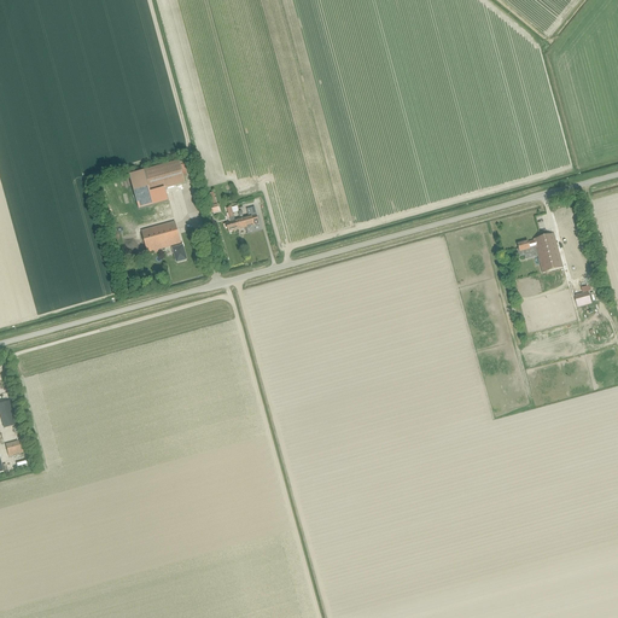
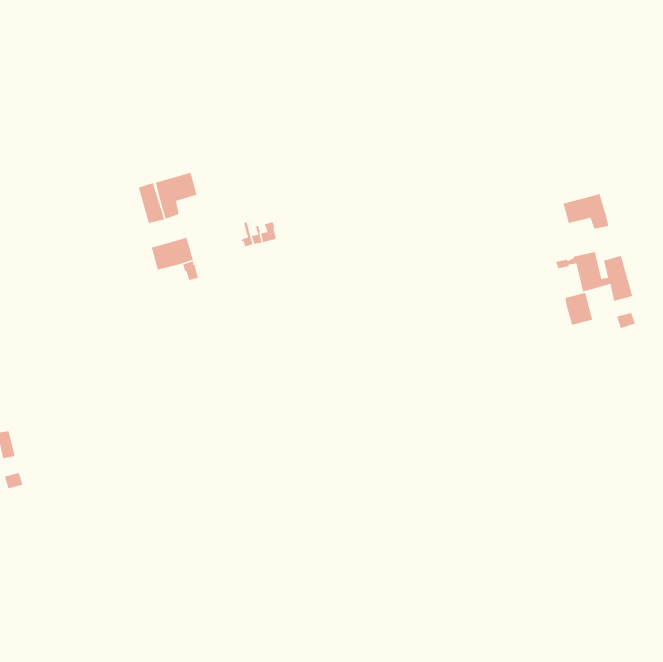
building: none -> [562,193,609,229]
building: none -> [564,292,593,326]

